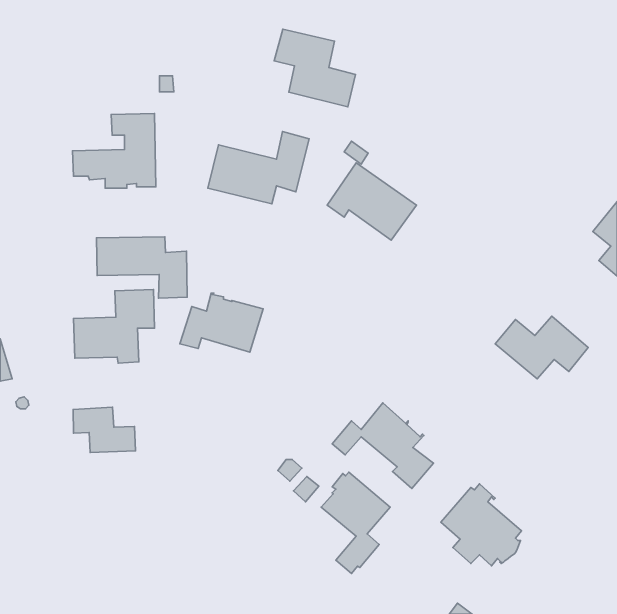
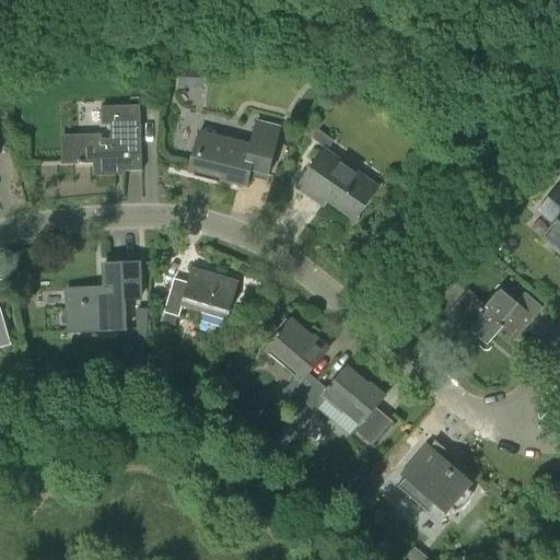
building: [274,29,355,107] -> none
building: [96,237,187,298] -> none
building: [73,407,135,452] -> none
building: [321,472,390,574] -> [266,316,328,408]

